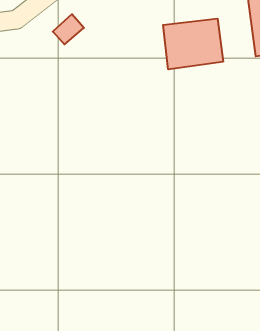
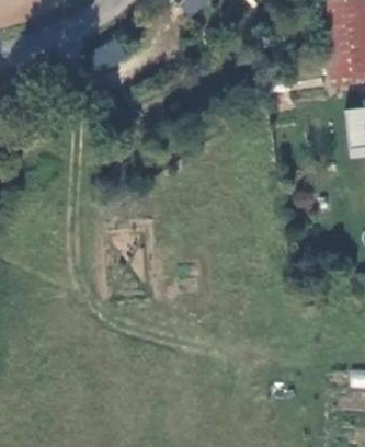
building: [163,19,223,69] -> none

